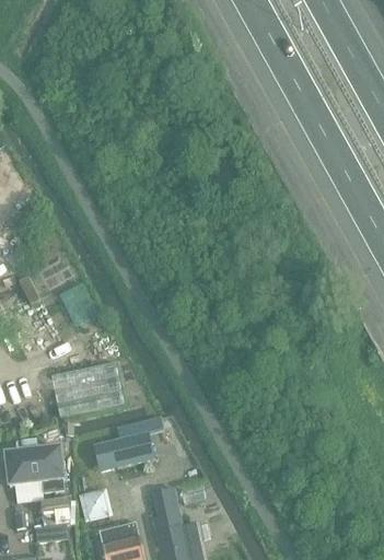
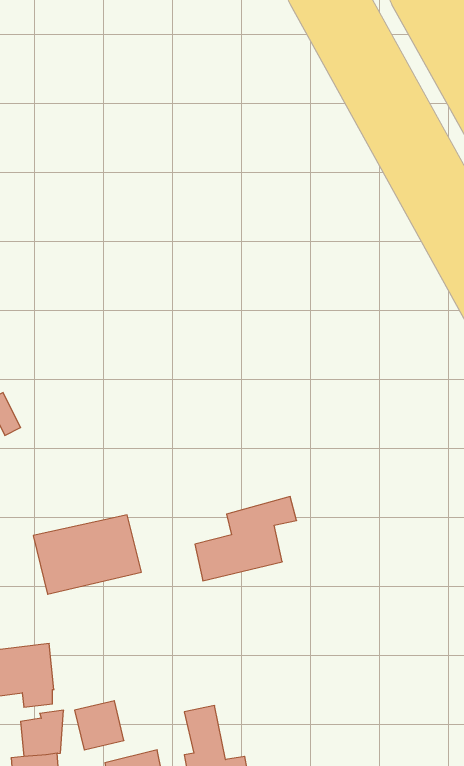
building: [95,416,165,474] -> [195,497,297,581]

